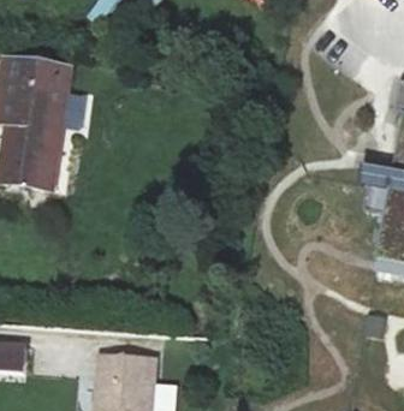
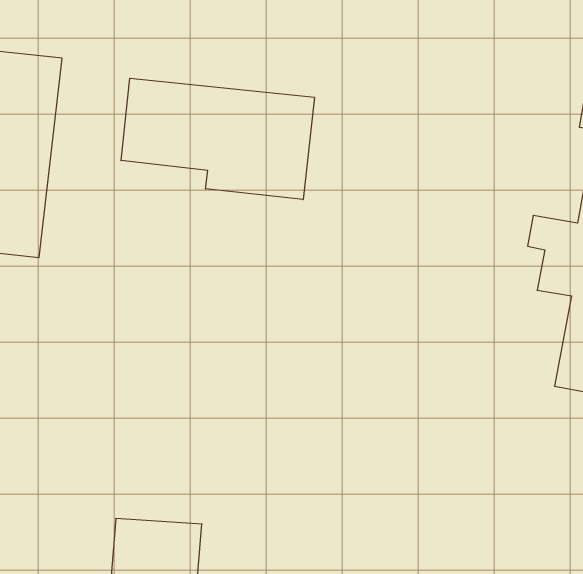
building: none -> [121,78,314,200]

